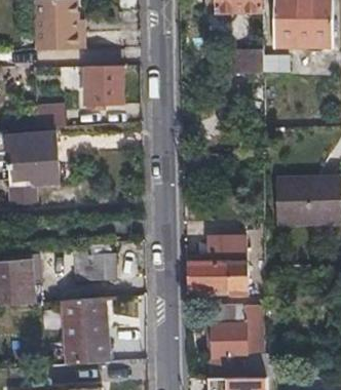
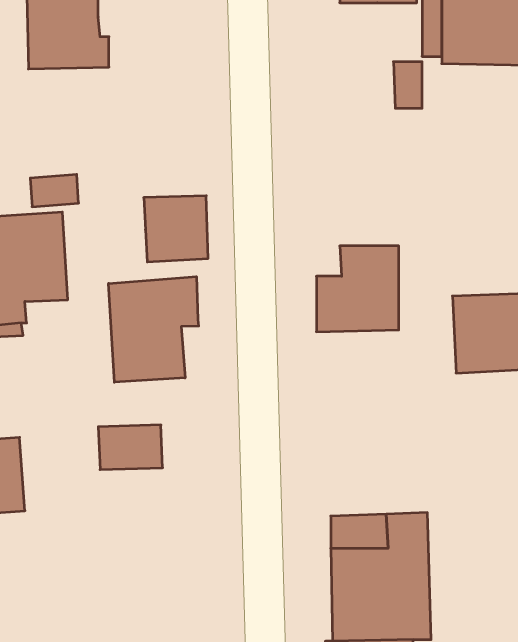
building: [85,67,122,105] -> [144,196,208,262]
building: none -> [109,277,199,382]
building: [201,241,249,290] -> [316,246,399,332]
building: [62,299,107,363] -> none

